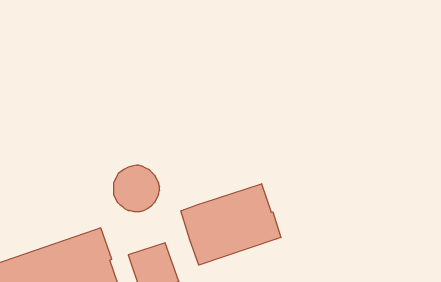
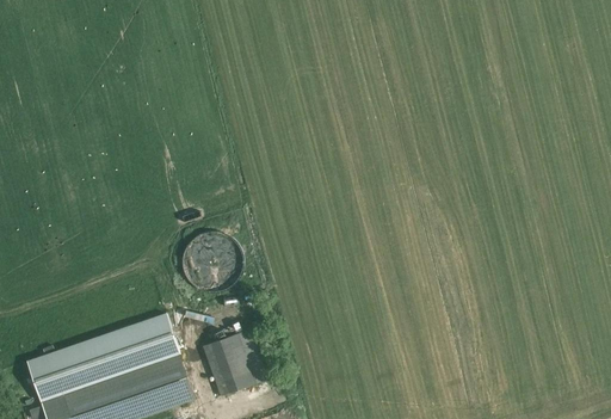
building: [181,184,281,265] -> none

